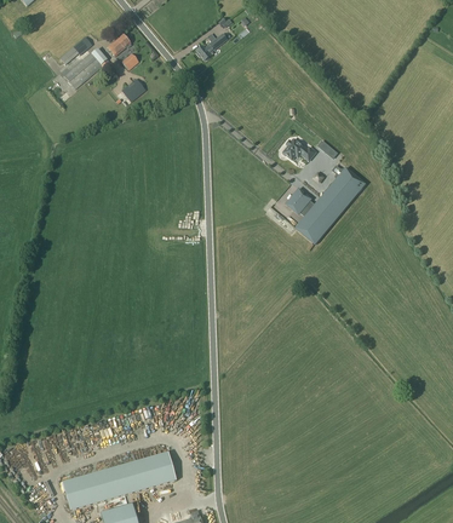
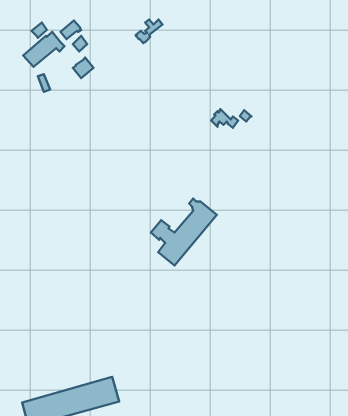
building: [287,163,365,242] -> [151,198,217,266]

